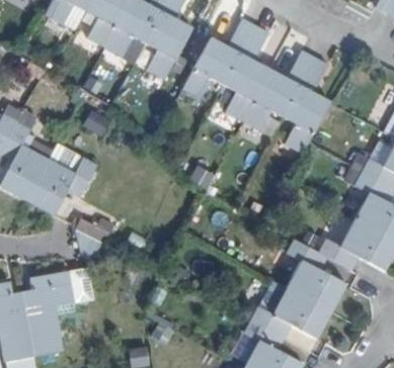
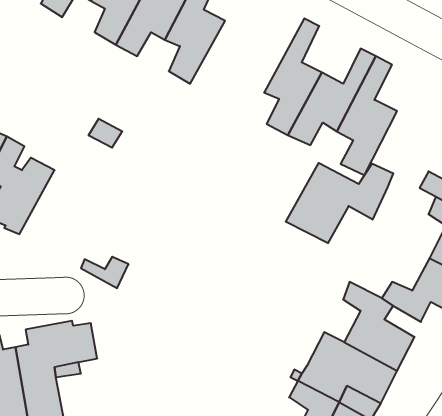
building: [183,18,255,98] -> none
building: none -> [286,163,393,243]
building: [25,145,95,214] -> none

